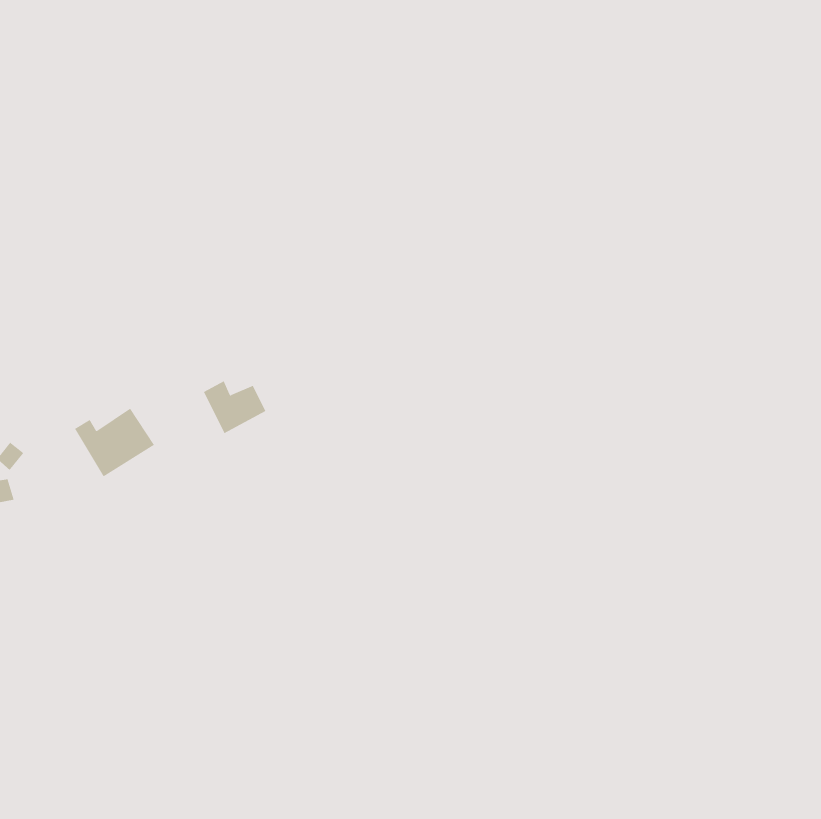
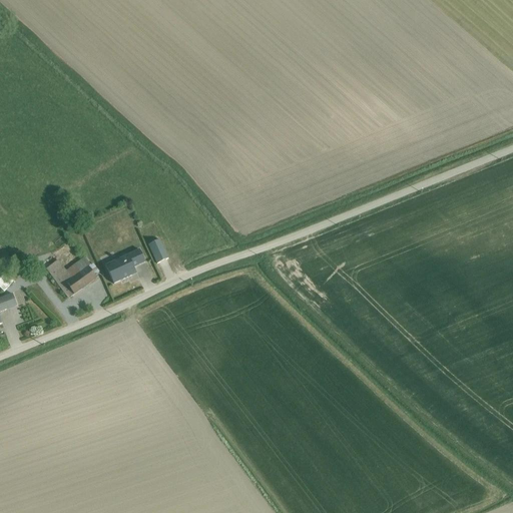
building: none -> [110,253,134,282]

